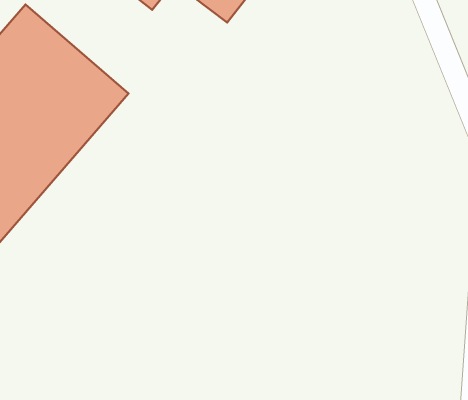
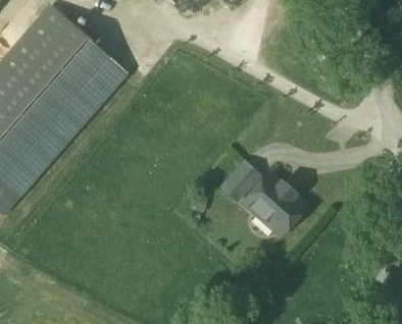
building: none -> [222,162,258,199]
building: none -> [243,173,304,233]

